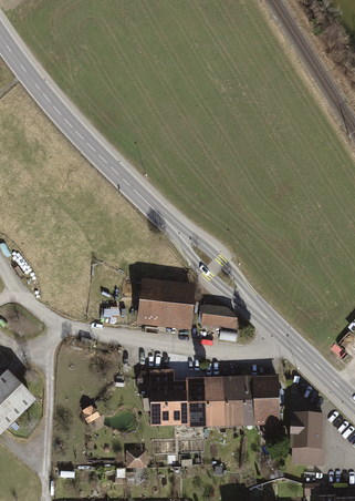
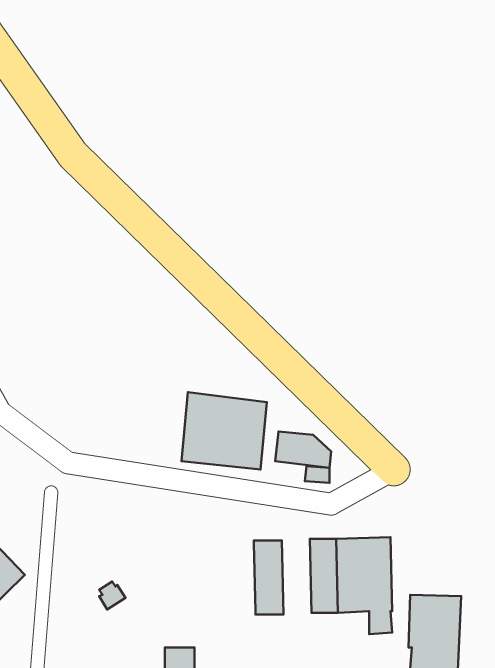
building: [137,369,187,427] -> none
building: [205,377,225,428] -> none

